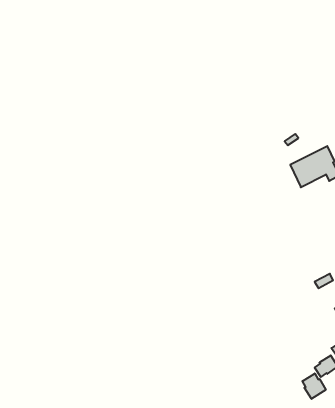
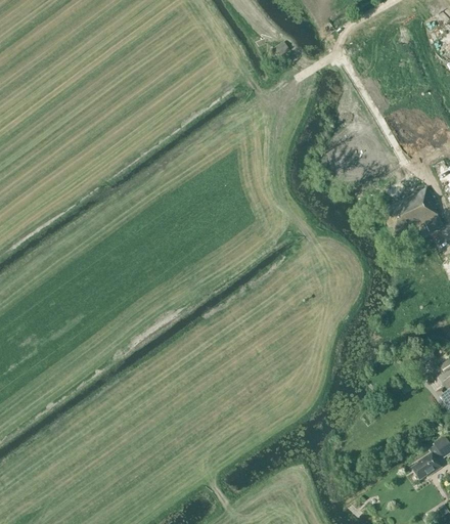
building: [302,373,326,399] -> none

